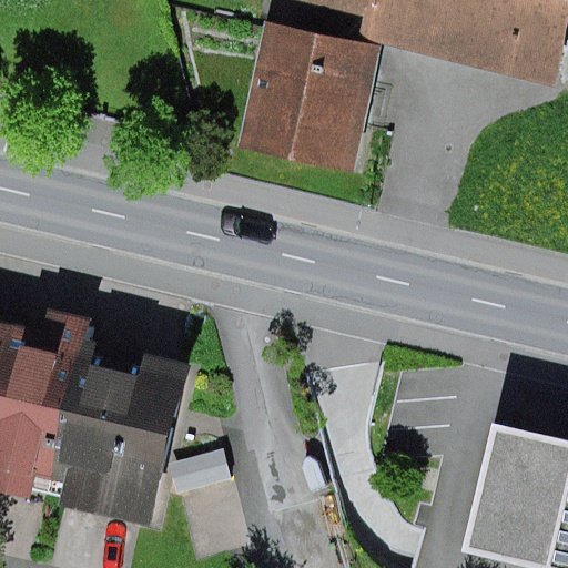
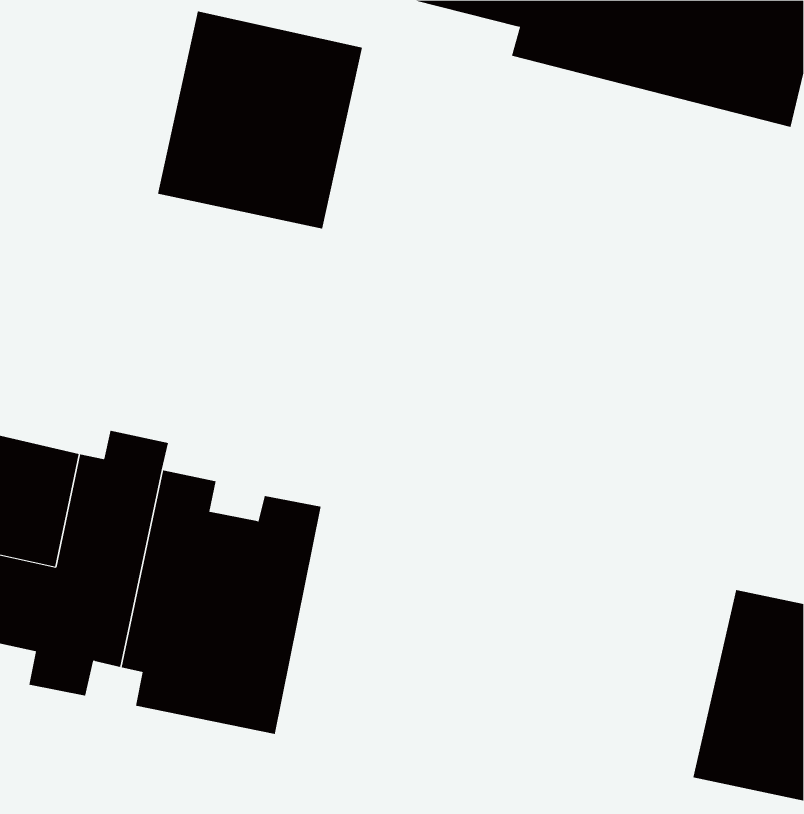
building: [234,23,377,175] -> [157,11,363,229]

